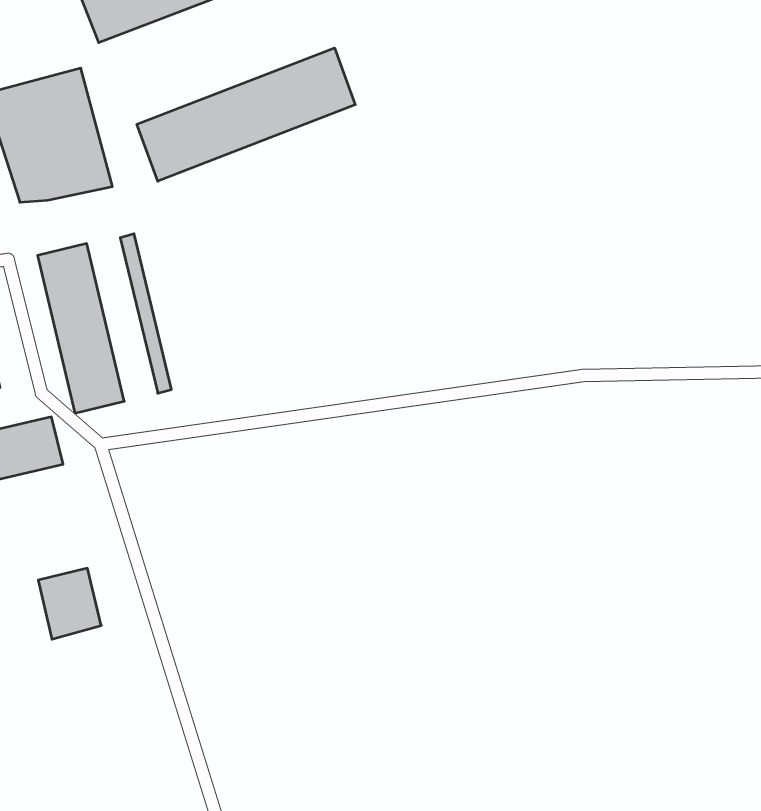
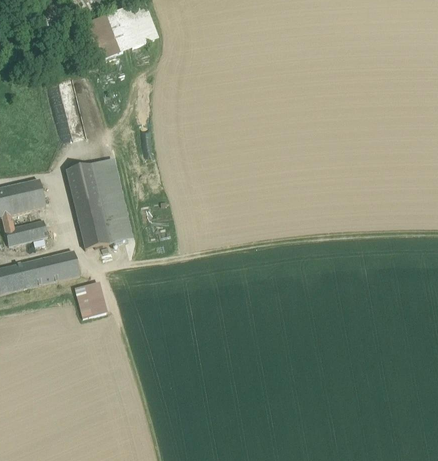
building: [137,48,355,181] -> none
building: none -> [90,160,126,243]
building: [38,568,101,639] -> [74,282,106,318]

